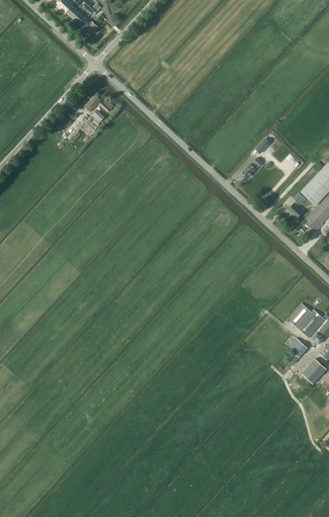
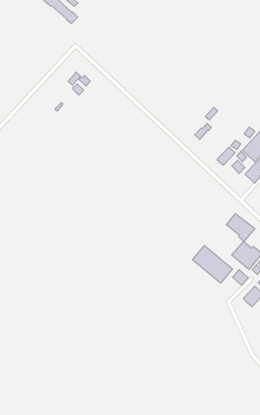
building: none -> [226,214,255,241]
building: none -> [193,245,232,283]

